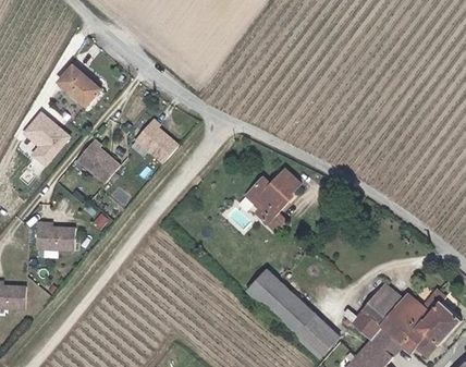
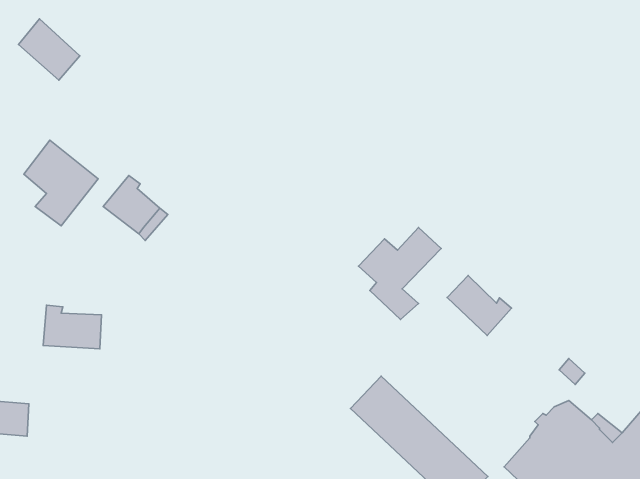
building: [58,62,99,103] -> [18,19,80,80]
building: [135,113,177,158] -> none
building: none -> [447,276,511,335]

